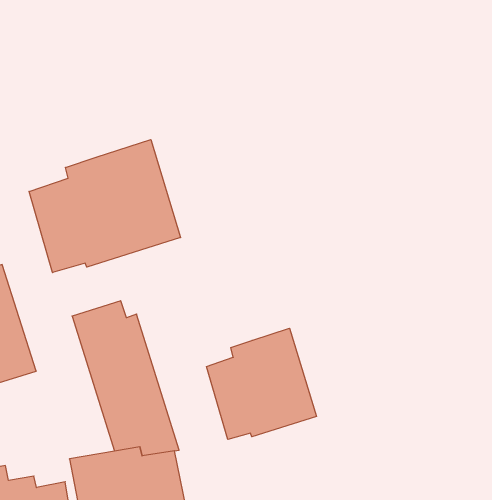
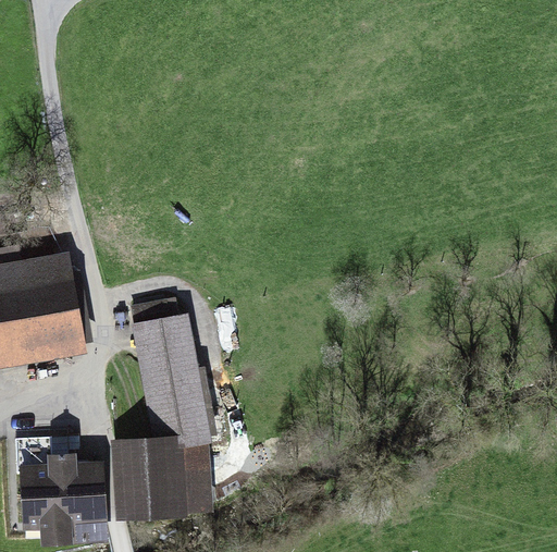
building: [29,140,181,273] -> none
building: [206,328,317,439] -> none

